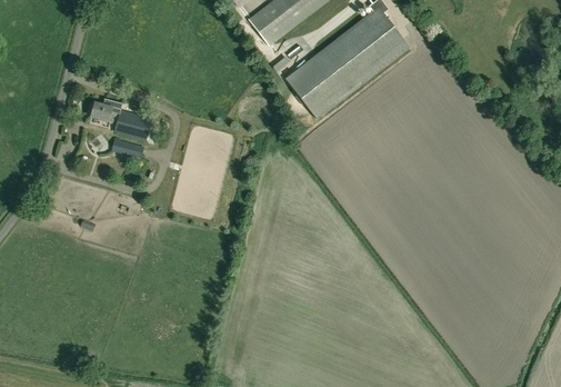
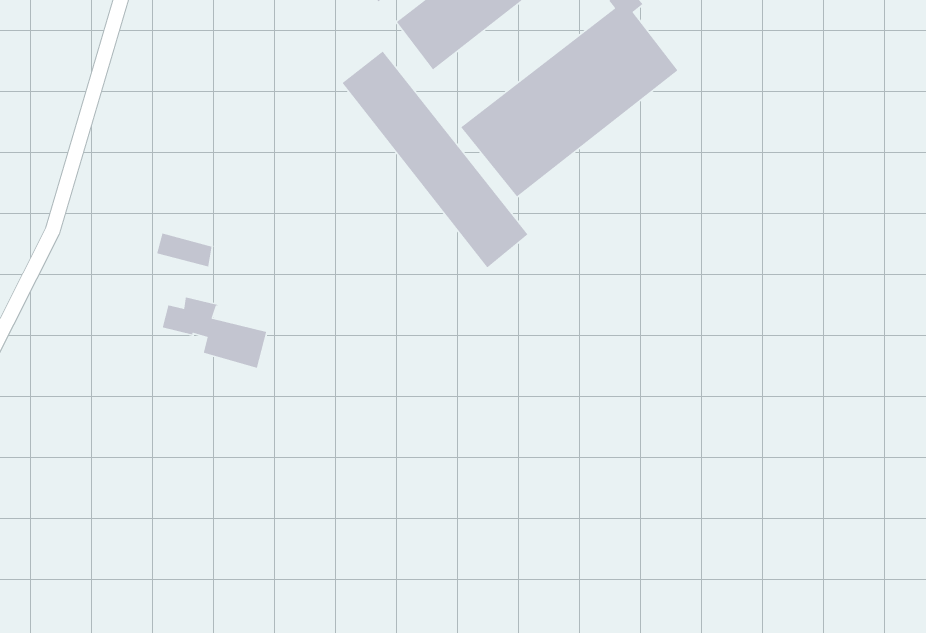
building: none -> [341,51,529,268]
building: [91,98,151,139] -> [162,297,267,369]

